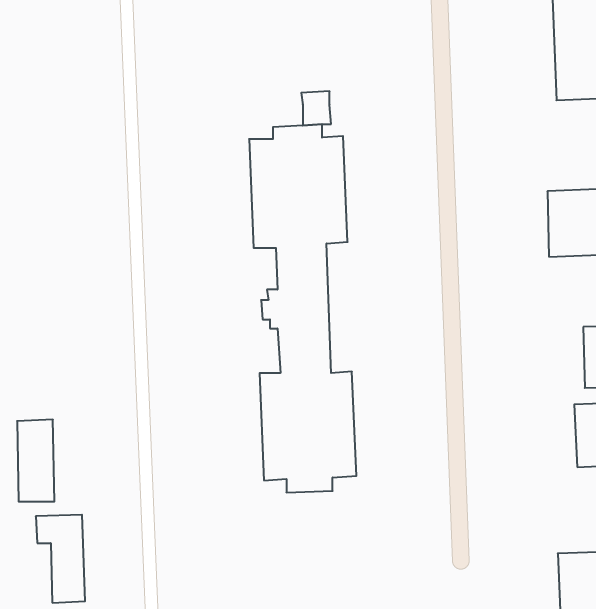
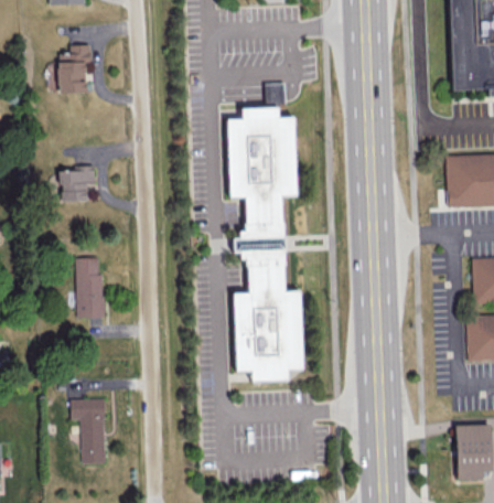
building: none -> [55,43,89,92]
building: none -> [57,164,93,200]
building: [17,420,54,502] -> [74,256,101,317]

